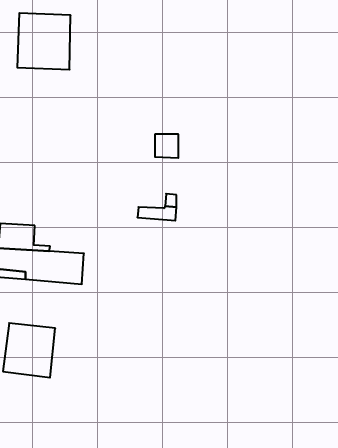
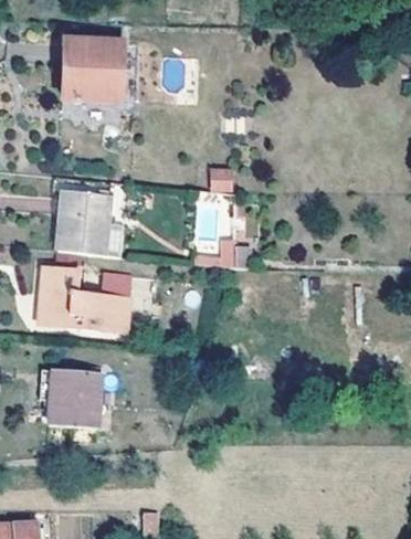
building: none -> [73,189,140,254]

